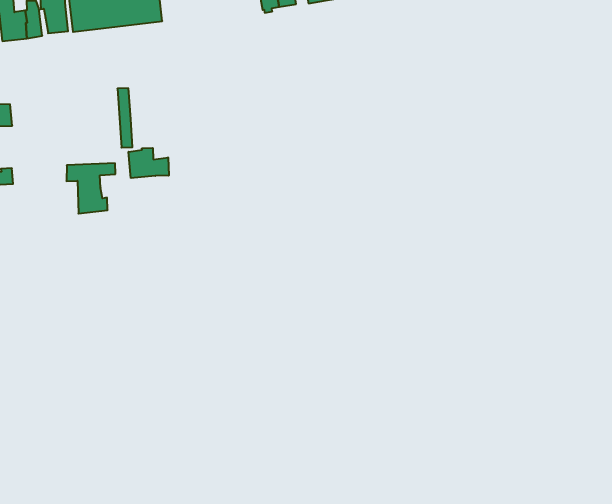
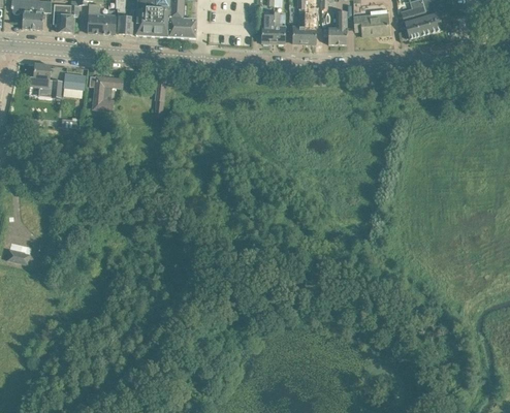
building: [129,148,169,178] -> none
building: [66,163,115,214] -> [89,74,123,108]

